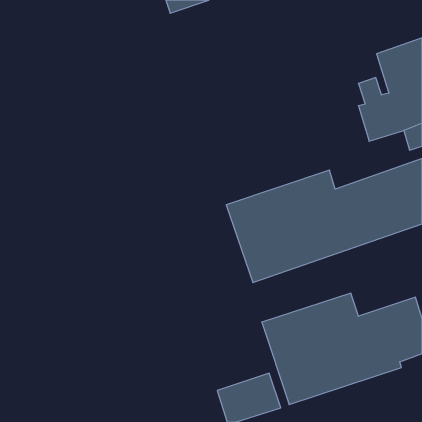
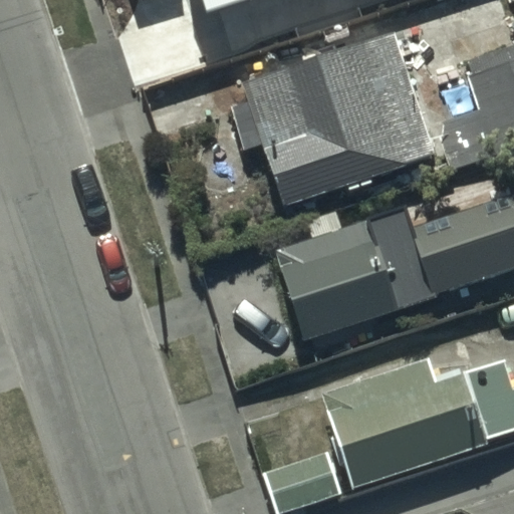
building: none -> [245,29,436,206]

